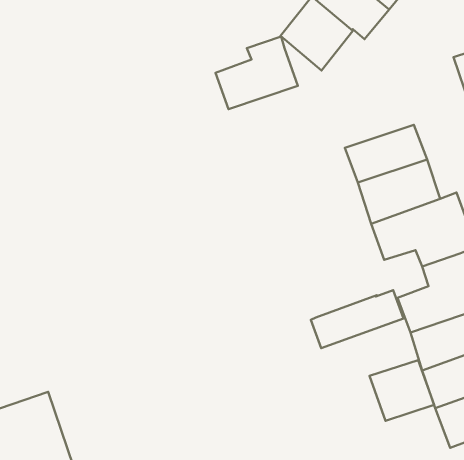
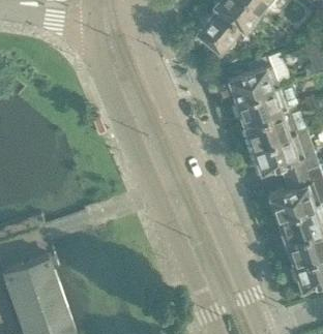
building: [215,37,298,109] -> [227,61,278,107]
building: [311,290,404,348] -> none
building: [370,360,434,421] -> none

